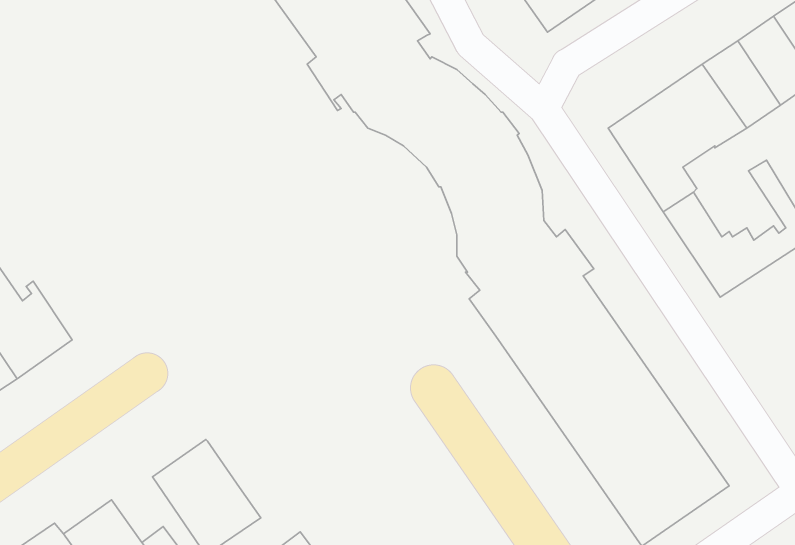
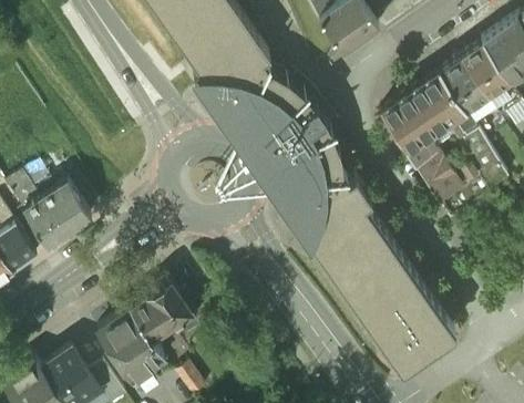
building: none -> [187,75,309,247]
building: none -> [6,173,90,247]
building: none -> [130,278,195,339]

